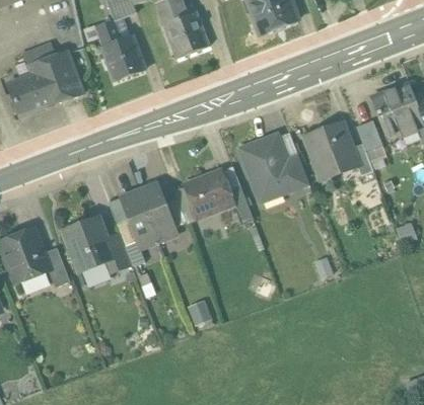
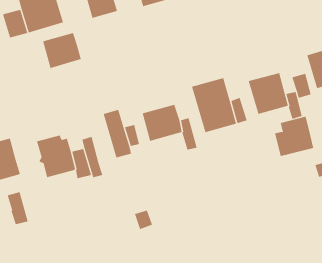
building: none -> [43,32,81,69]
building: none -> [275,116,314,157]
building: [121,190,159,248] -> none
building: [43,247,71,287] -> [7,191,29,225]

